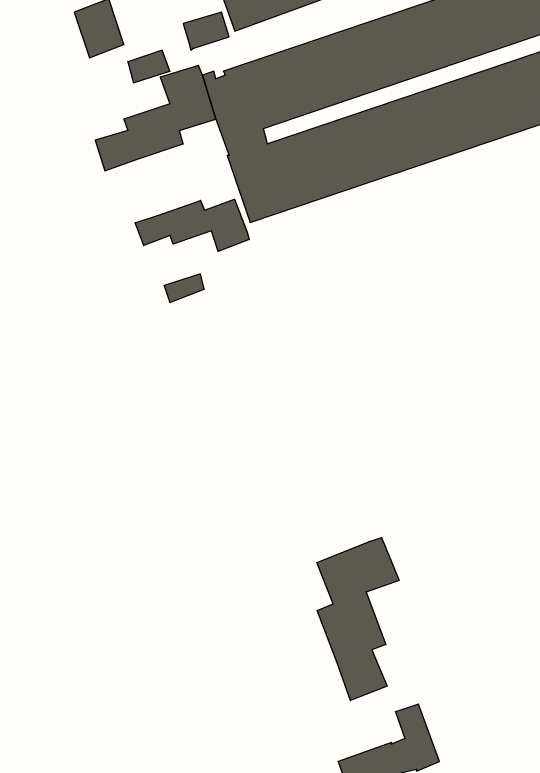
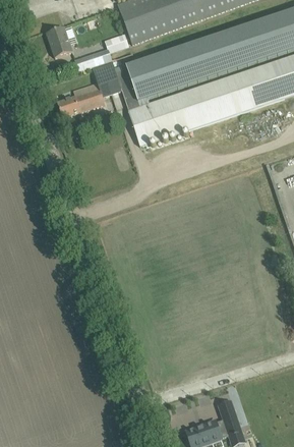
building: [135,199,249,251] -> none
building: [317,538,399,701] -> none

